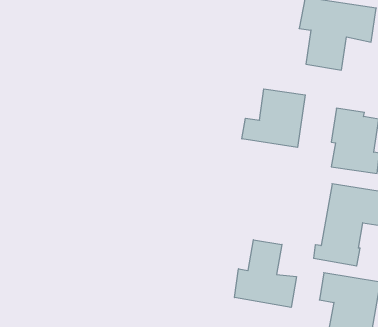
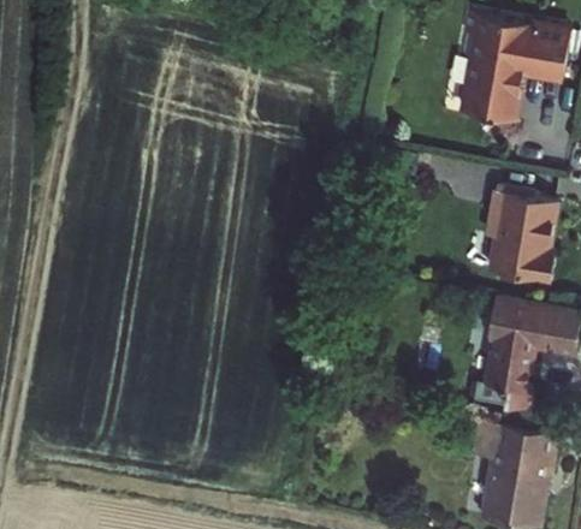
building: [242,89,305,147] -> none
building: [235,240,296,307] -> none

